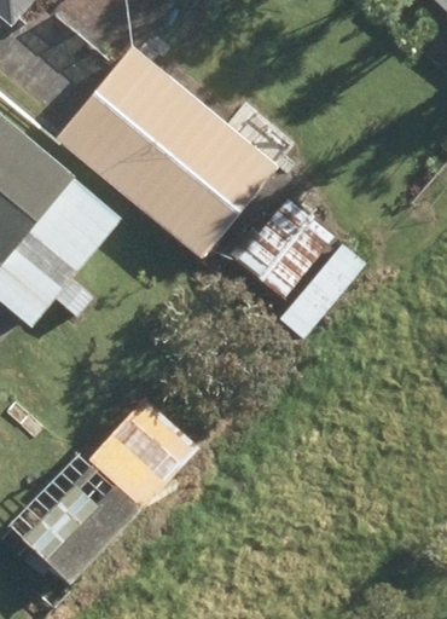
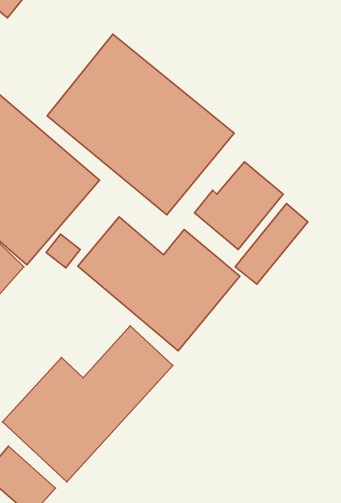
building: none -> [78,217,240,351]

